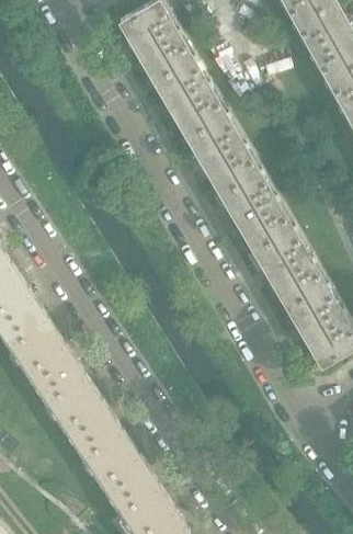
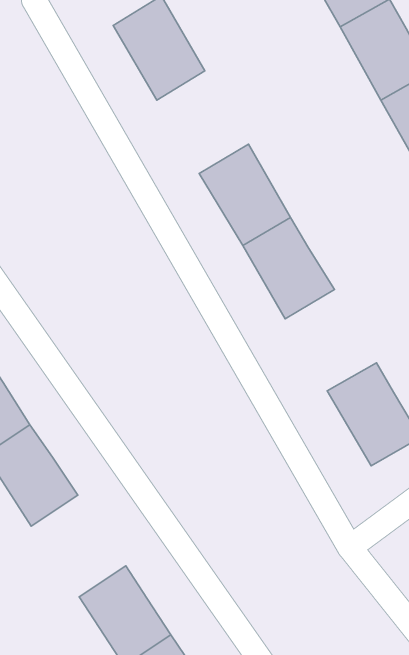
building: [155,59,226,139] -> none
building: [254,229,326,308] -> none
building: [57,389,130,468] -> none

